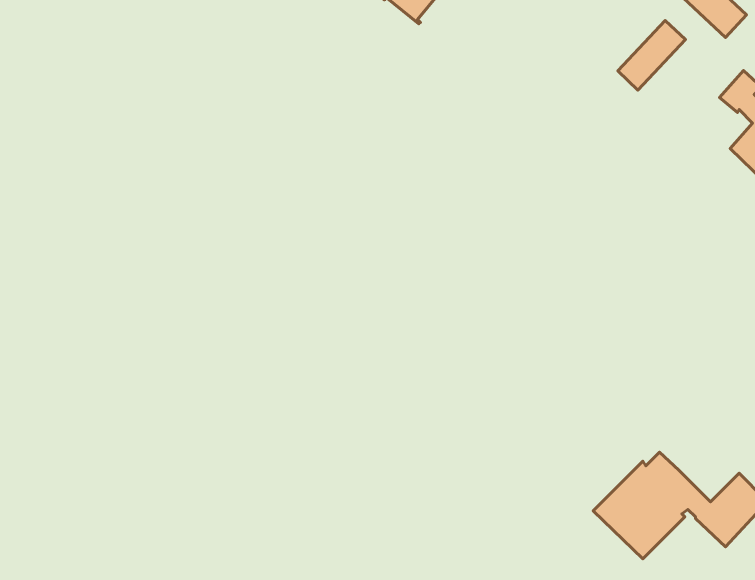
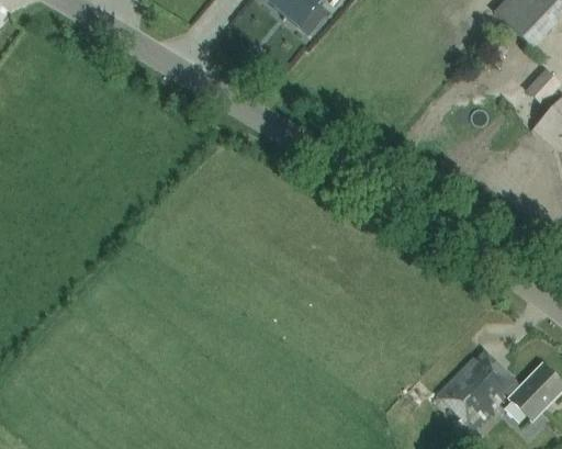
building: [618,20,685,90] -> none

